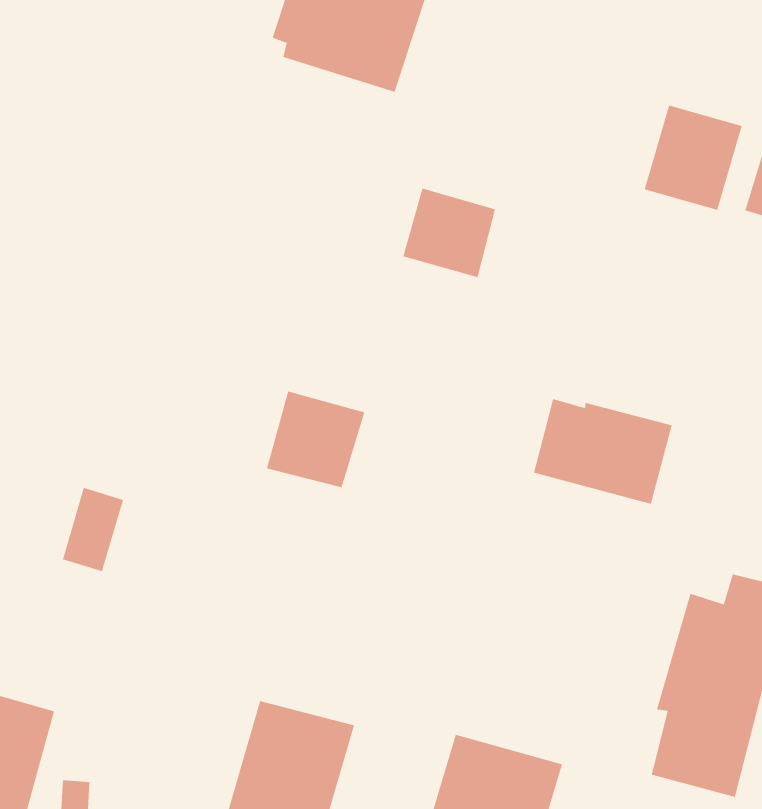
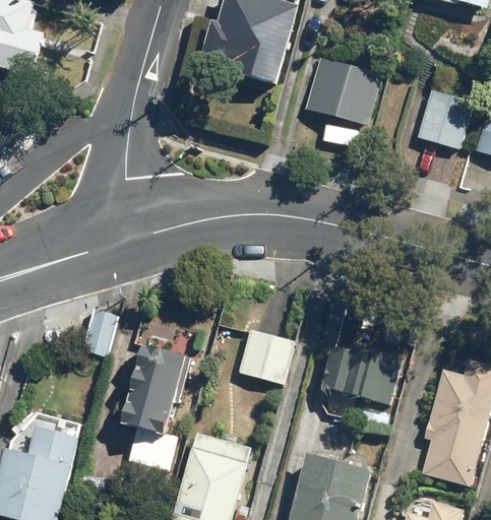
building: [402,188,496,278] -> [329,66,383,118]
building: [266,391,365,488] -> [238,328,295,384]
building: [533,399,673,504] -> [321,343,402,404]
building: none -> [124,344,192,471]

